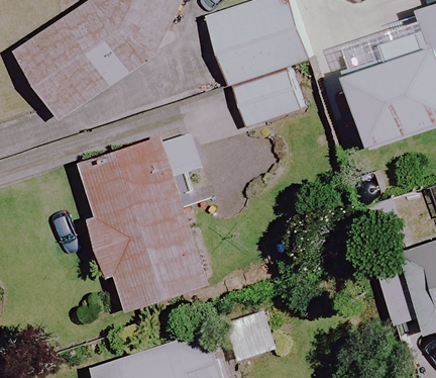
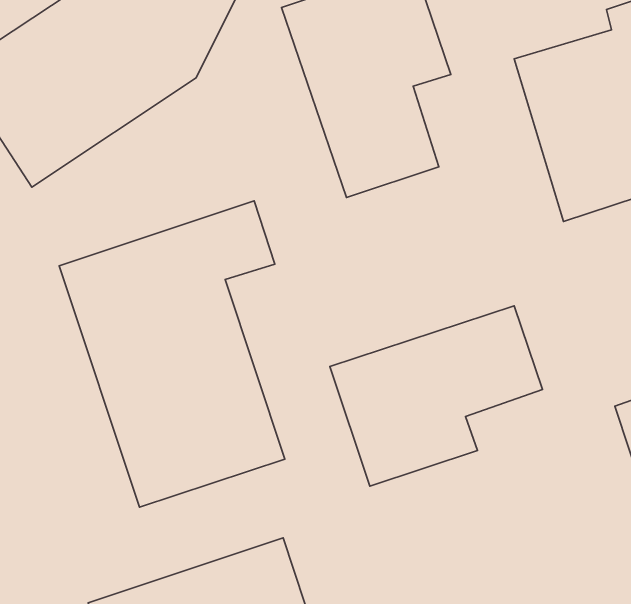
building: none -> [330,306,542,486]

